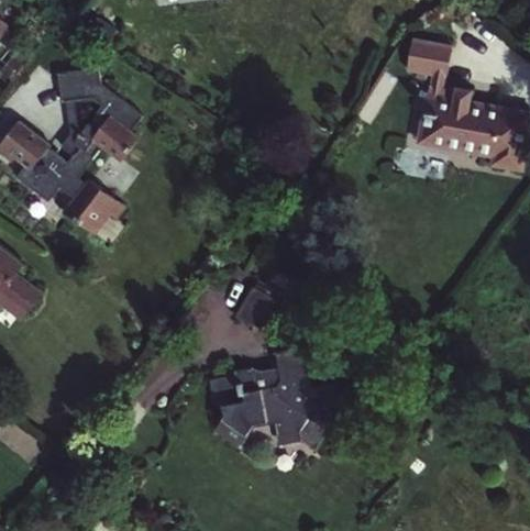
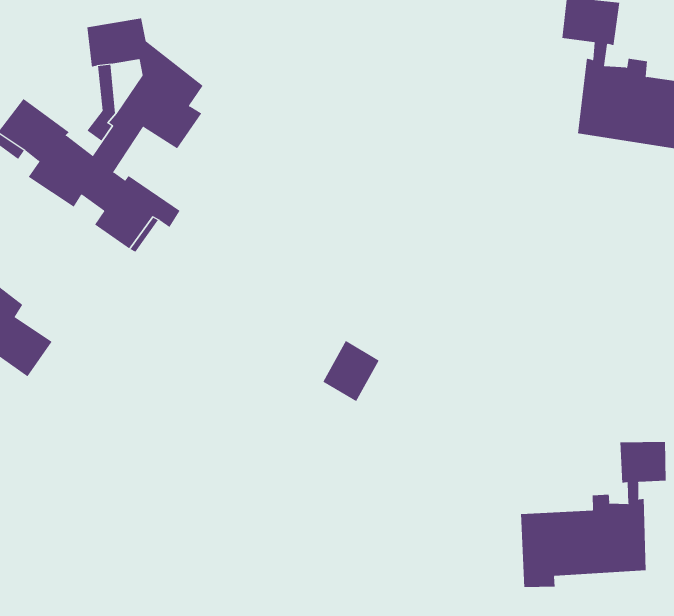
building: [202,344,350,451] -> none
building: none -> [521,441,666,588]

